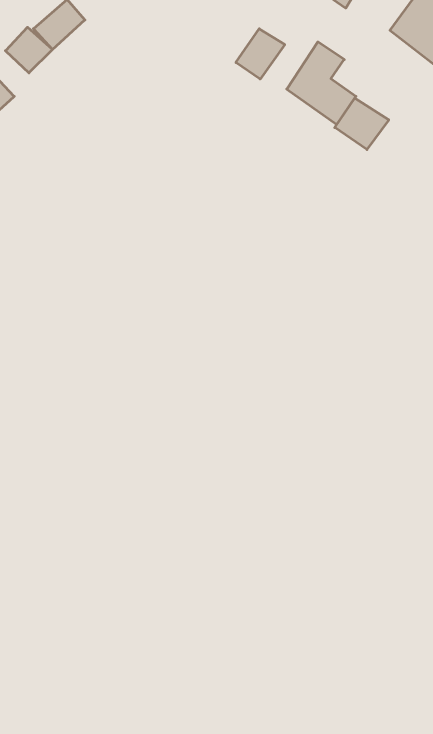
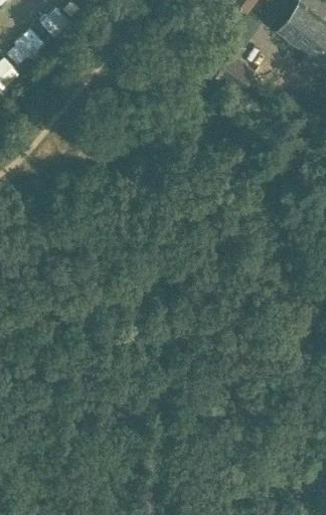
building: [236,29,285,79] -> none
building: [335,98,389,150] -> none

